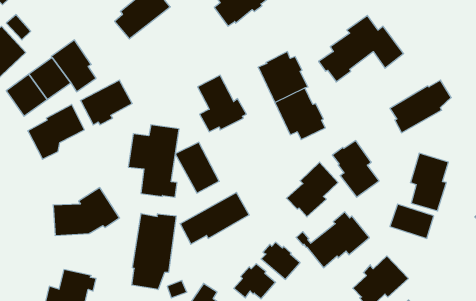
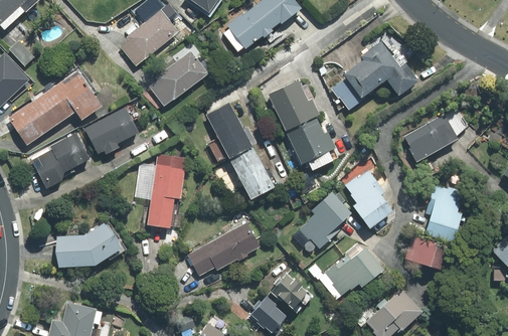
building: none -> [148,41,211,106]
building: [175,142,219,193] -> [228,147,274,199]
building: [132,213,176,290] -> none

